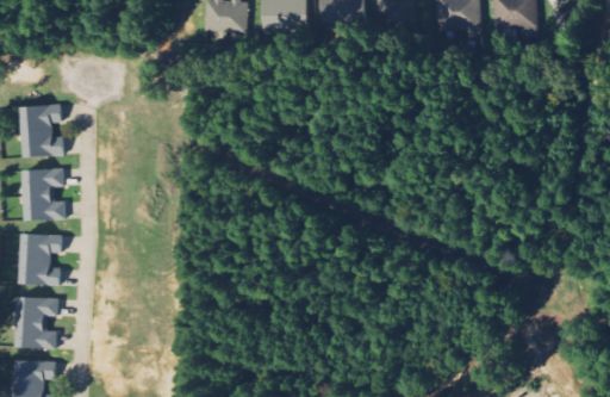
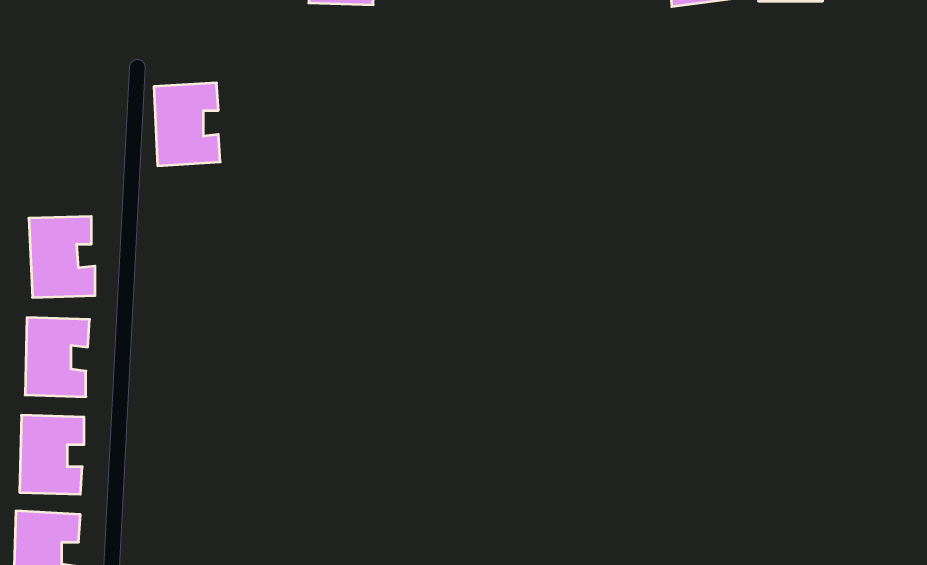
building: [20,104,63,157] -> [154,83,220,166]

